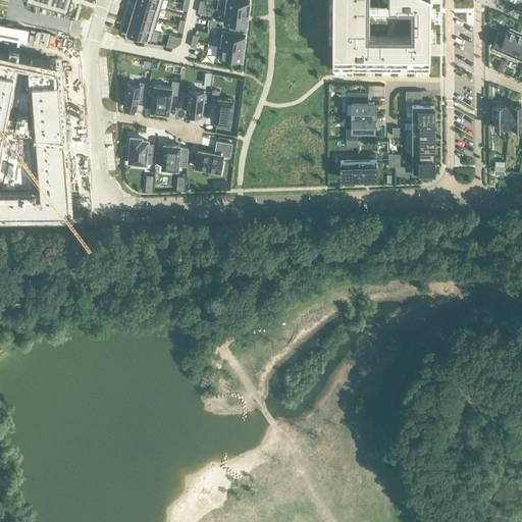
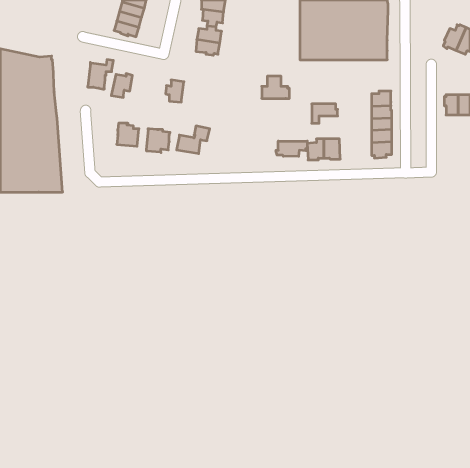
building: [151,83,179,115] -> [88,60,113,89]
building: [211,91,234,125] -> none
building: [346,93,376,117] -> [262,76,289,98]
building: none -> [276,141,307,156]

